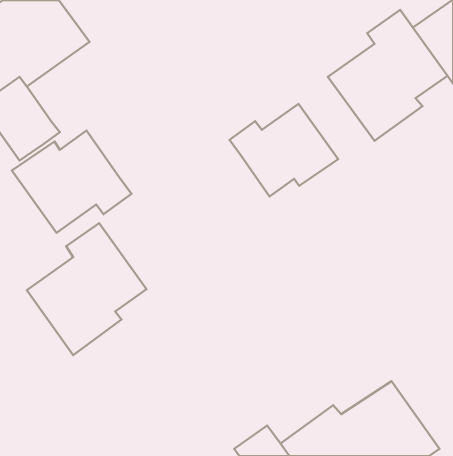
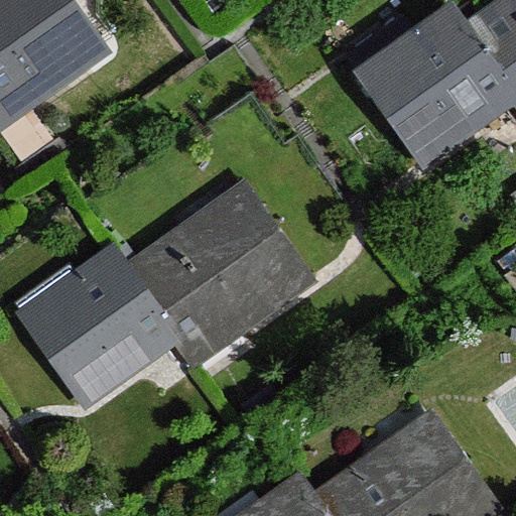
building: [229,104,338,196] -> none
building: [12,131,132,233] -> none
building: none -> [126,202,306,350]

